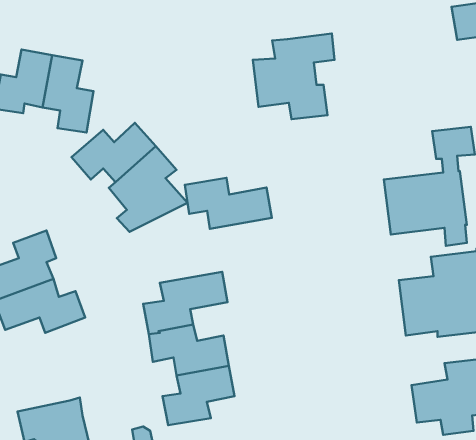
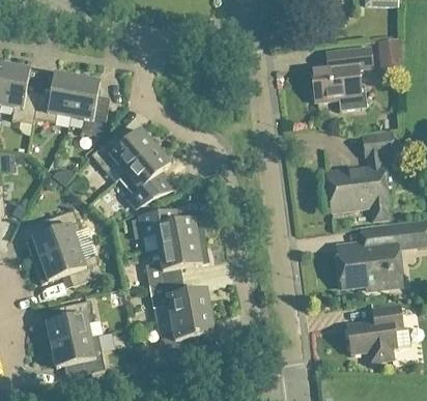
building: [253,34,334,119] -> [311,46,372,110]
building: [185,178,272,229] -> [139,209,204,248]
building: none -> [46,298,94,344]

